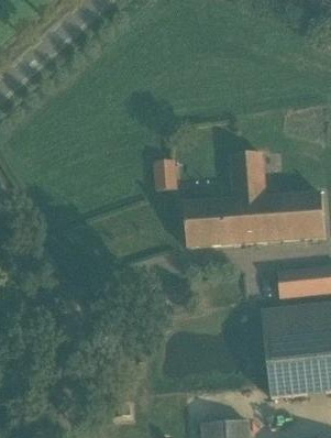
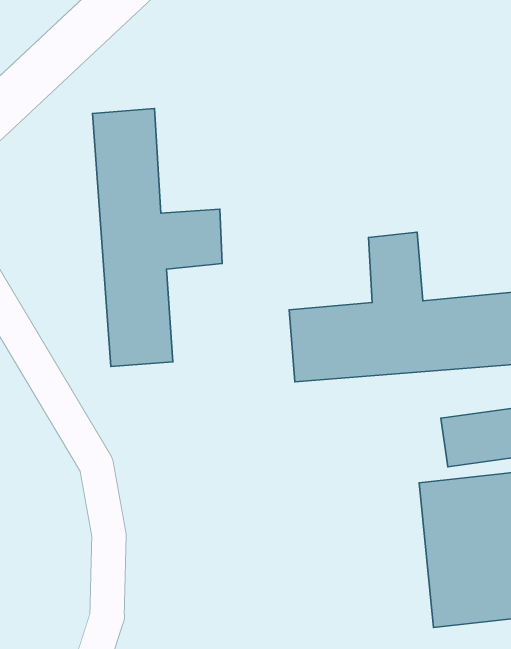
building: none -> [93,109,222,366]
building: [153,157,175,190] -> none

